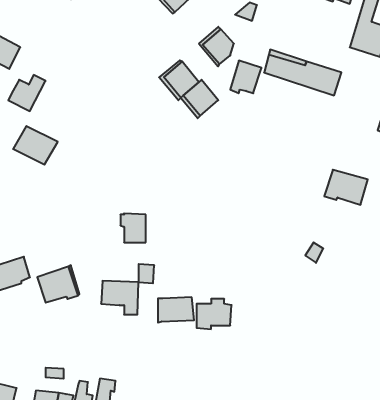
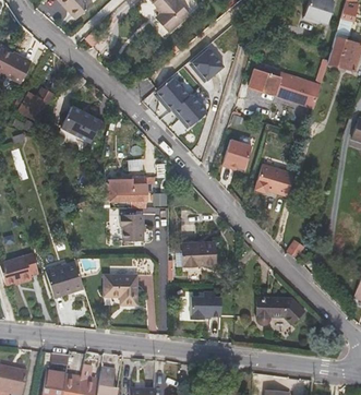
building: [230,61,262,93] -> [224,141,252,170]
building: [13,126,58,165] -> [61,106,101,141]
building: [324,170,368,205] -> [254,166,293,198]
building: none -> [108,177,155,200]
building: [158,297,194,323] -> [182,242,215,265]
building: none -> [256,297,303,323]

